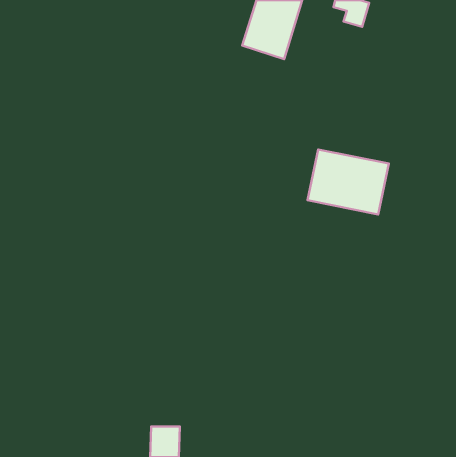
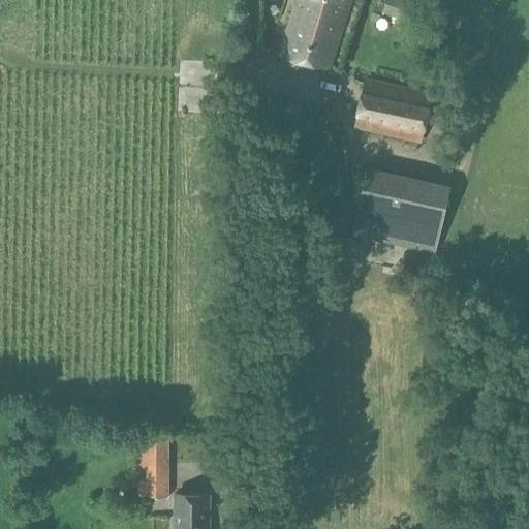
building: none -> [354,75,434,144]
building: none -> [139,439,170,491]

